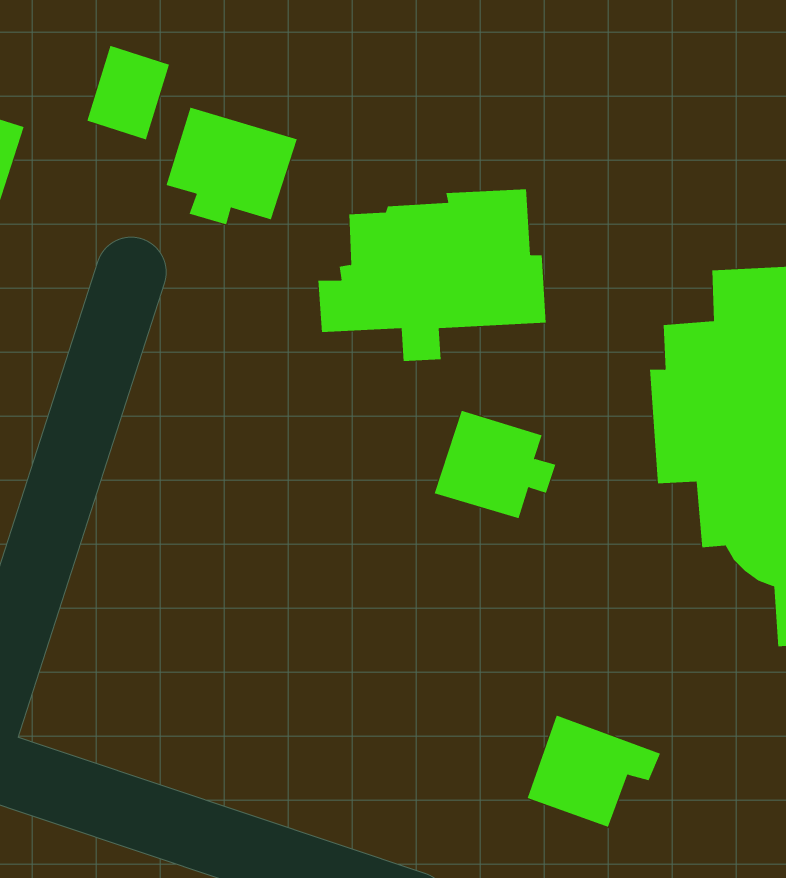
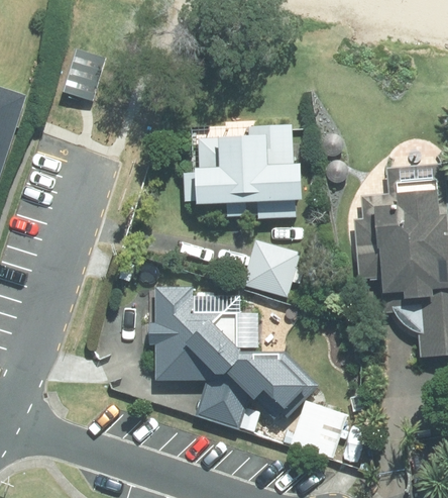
building: [166,107,298,225] -> none
building: none -> [146,287,310,431]

